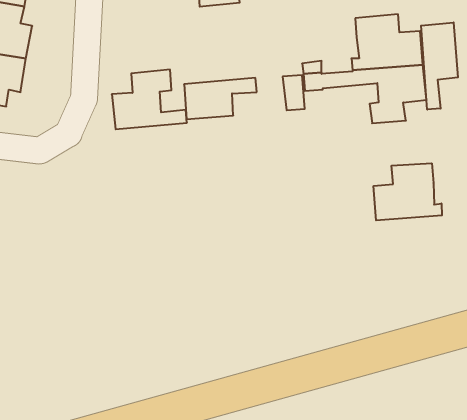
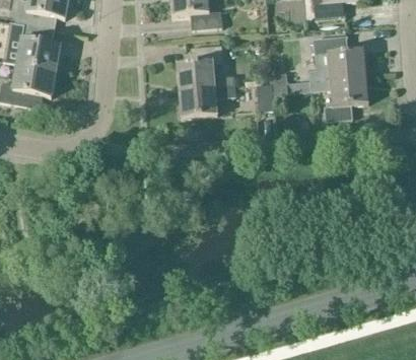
building: [421,22,458,110] -> none
building: [112,70,187,129] -> [177,44,235,90]
building: [374,163,442,220] -> none

